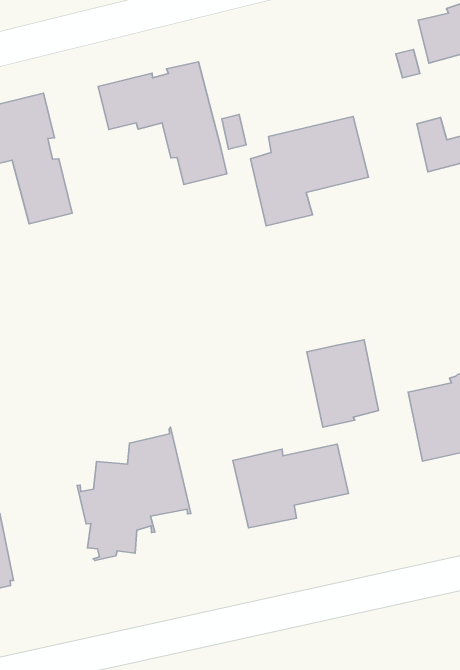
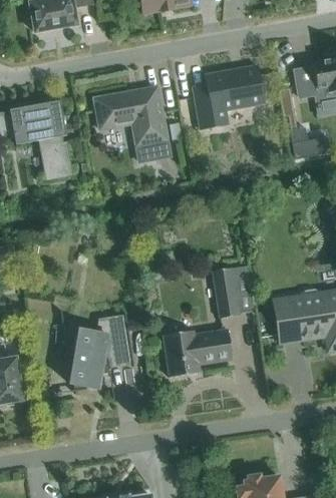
building: [251,116,369,226] -> [193,65,265,129]

